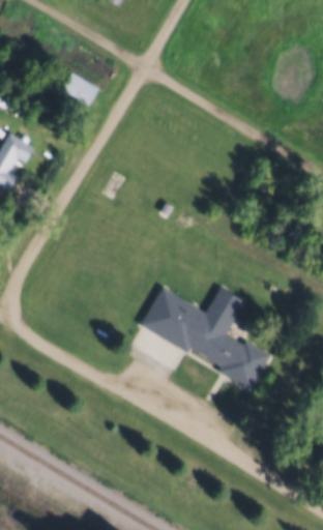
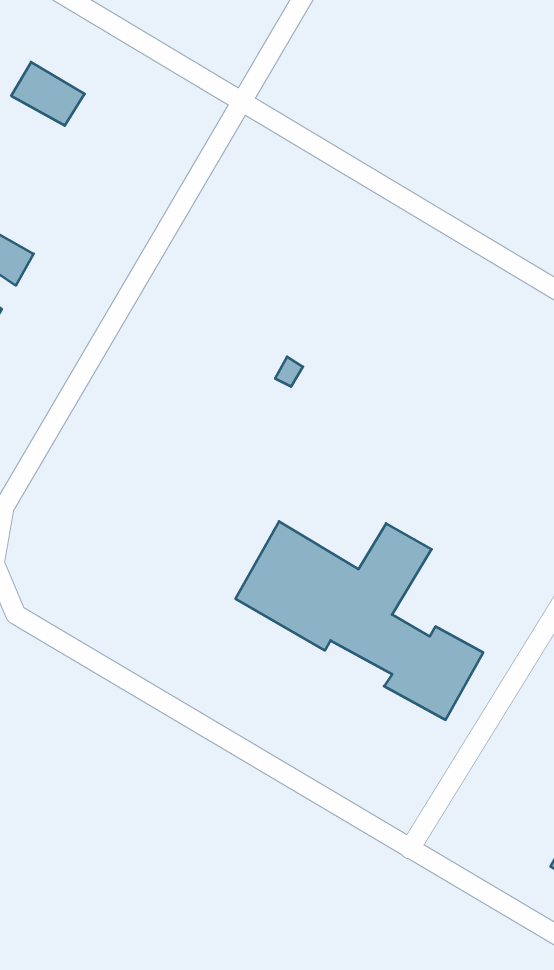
building: [62,72,100,106] -> [11,62,85,126]

